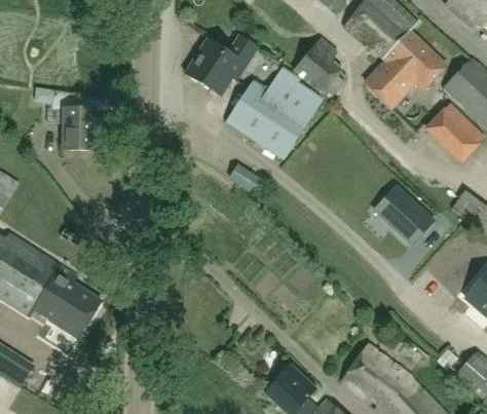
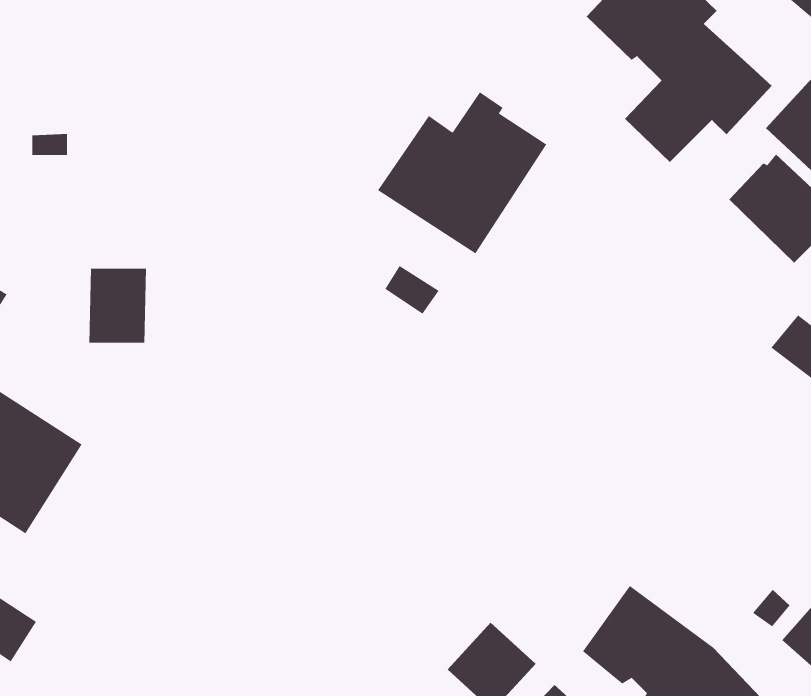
building: [185,33,258,96] -> none
building: [296,36,345,96] -> none
building: [63,107,96,149] -> [88,268,147,343]
building: [378,186,436,243] -> none
building: [34,265,102,337] -> none

